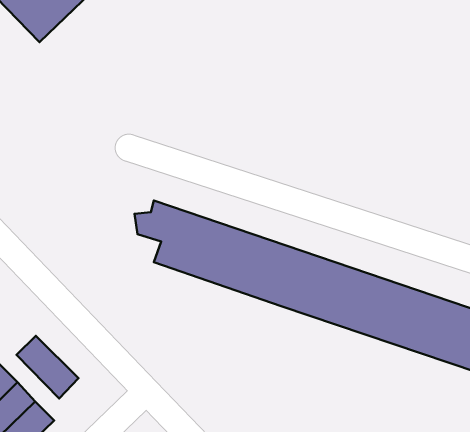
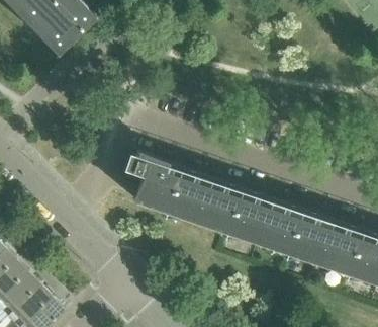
building: [17,336,79,399] -> none

